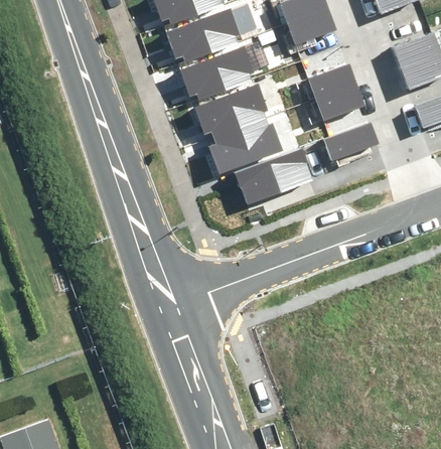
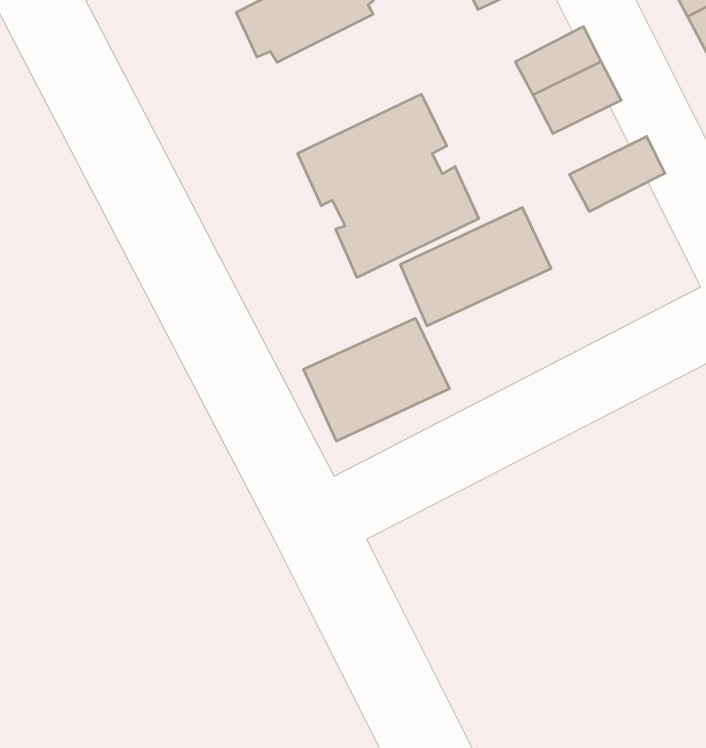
building: [182,48,255,100] -> none
building: none -> [304,318,450,441]

